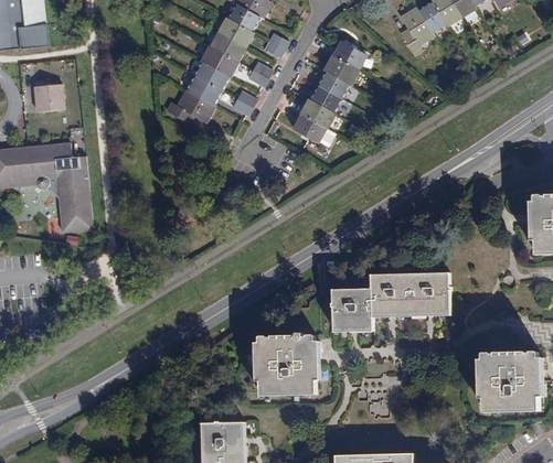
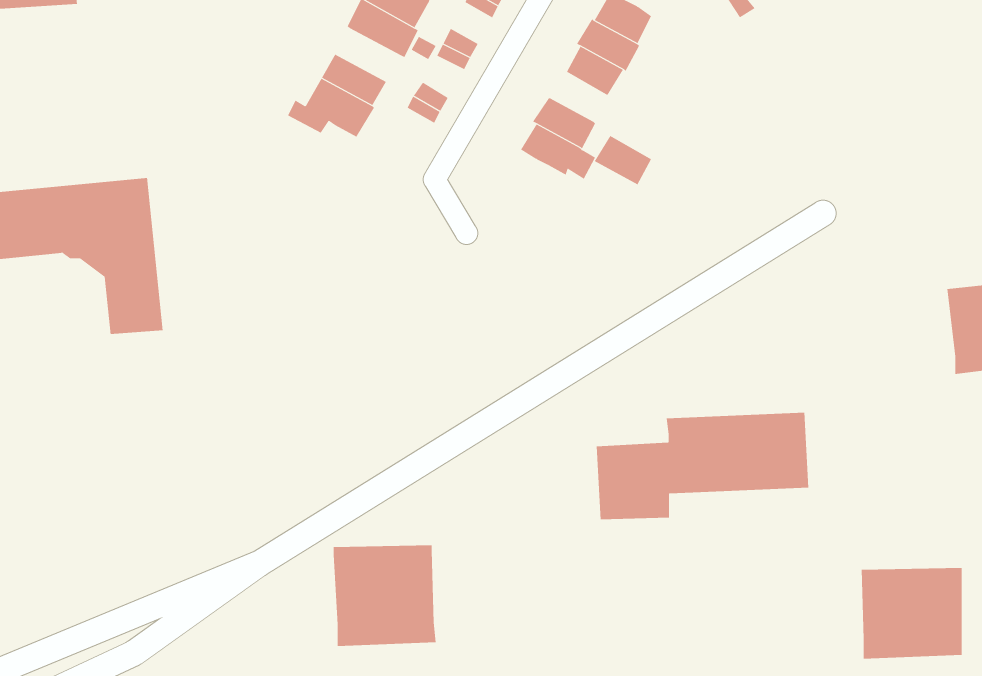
building: [189,61,225,90] -> none
building: [35,83,67,114] -> none
building: [308,85,340,112] -> [594,135,652,185]
building: [259,337,317,394] -> [333,545,437,646]

